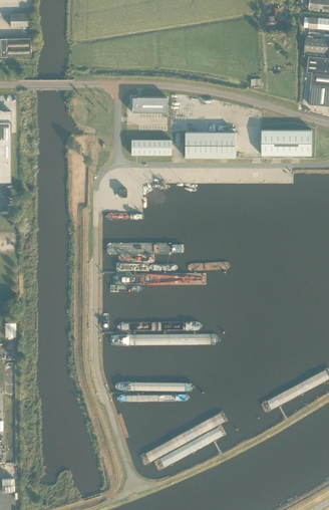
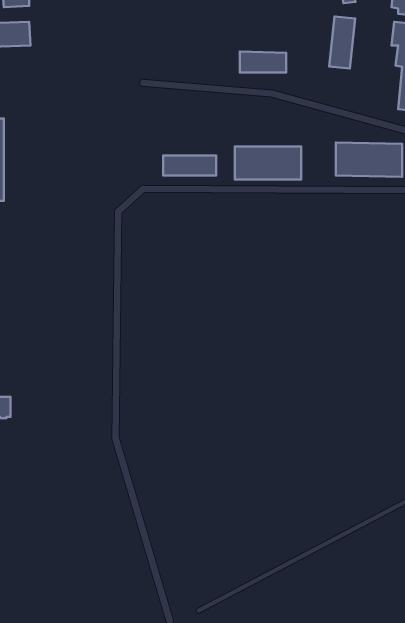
building: none -> [329,17,355,69]
building: [130,95,166,111] -> [240,51,286,73]

